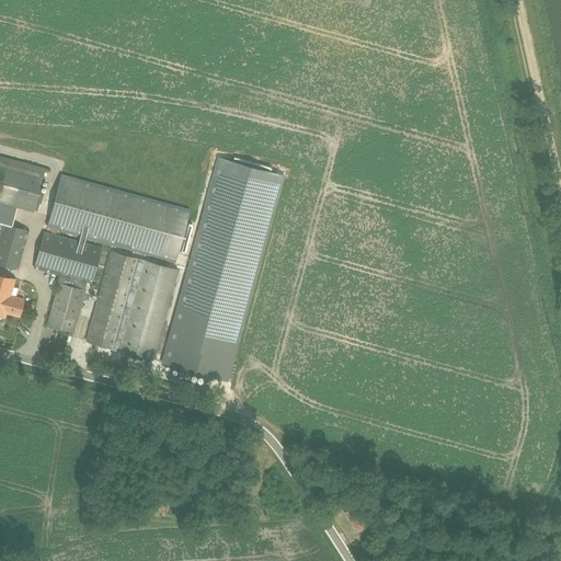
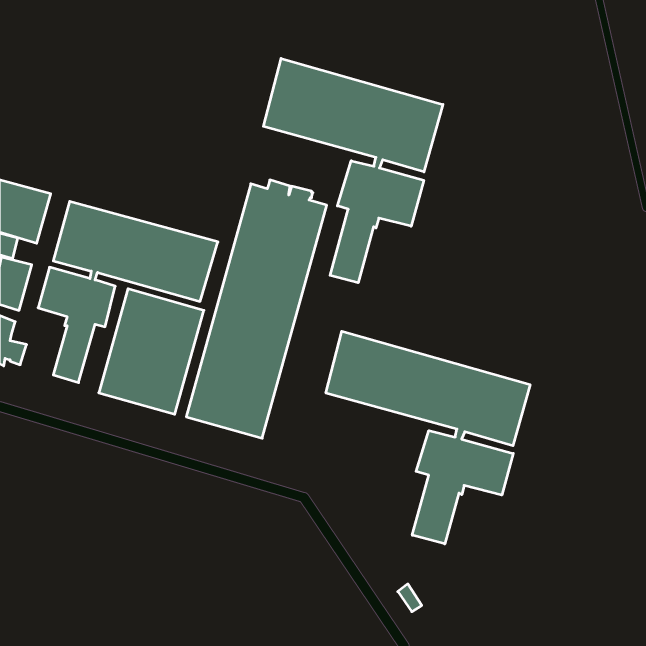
building: none -> [263,58,443,283]
building: none -> [326,331,530,544]

